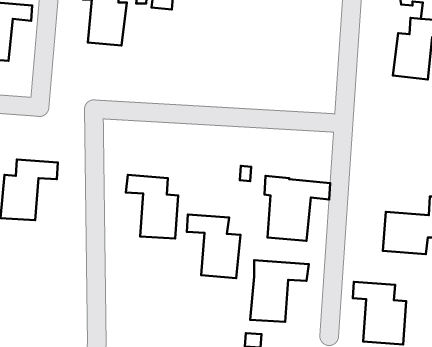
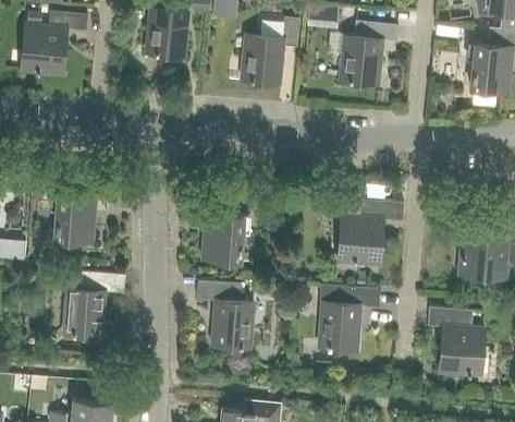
building: none -> [242,20,301,86]
building: none -> [341,23,398,86]
building: [187,214,240,278] -> [197,282,254,350]
building: none -> [64,274,125,338]

